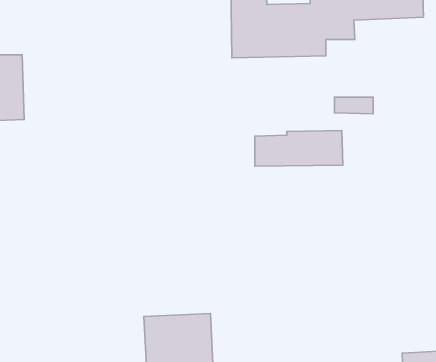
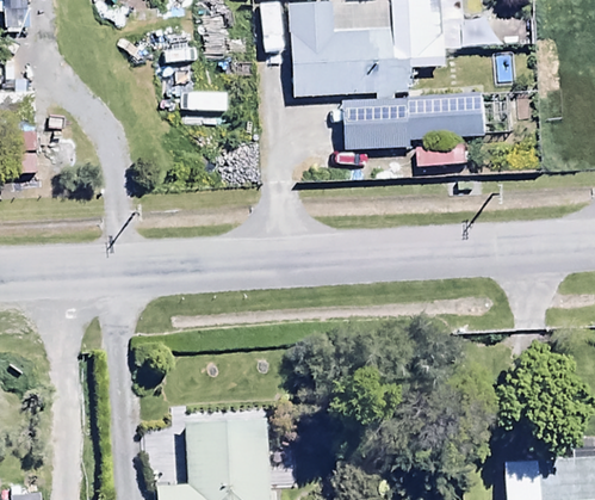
building: [255,130,343,166] -> [374,94,483,138]

